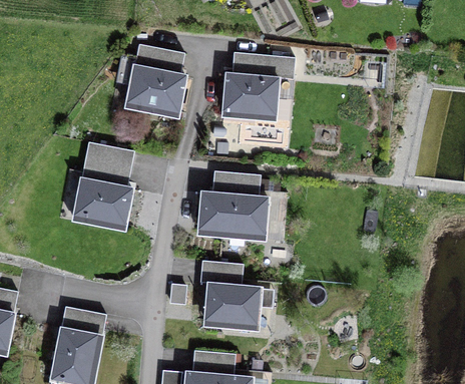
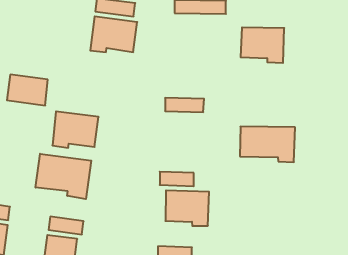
building: [223,74,279,120] -> [241,27,284,63]
building: [83,141,134,181] -> [7,75,48,105]
building: [199,193,269,240] -> [240,127,295,162]
building: none -> [36,154,91,199]

